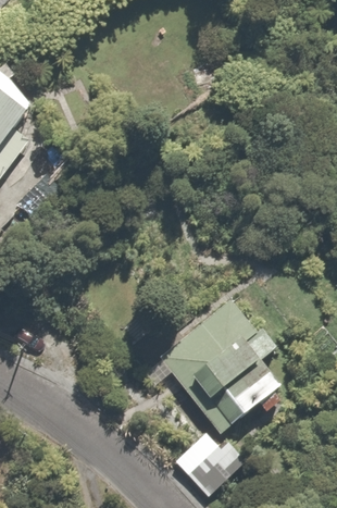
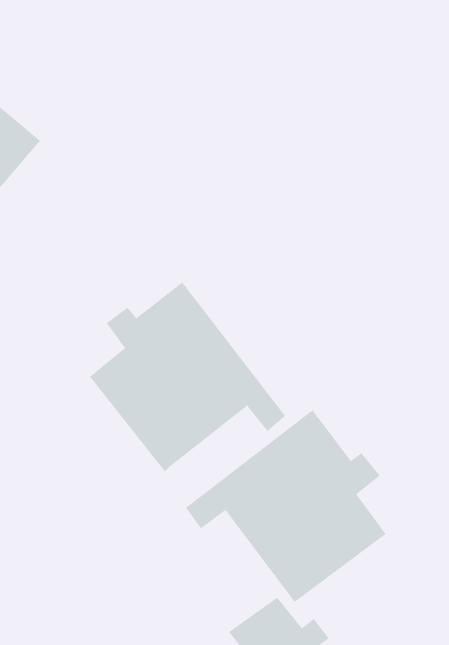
building: none -> [89,282,286,472]

